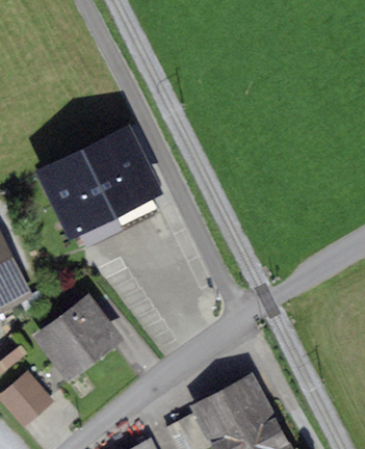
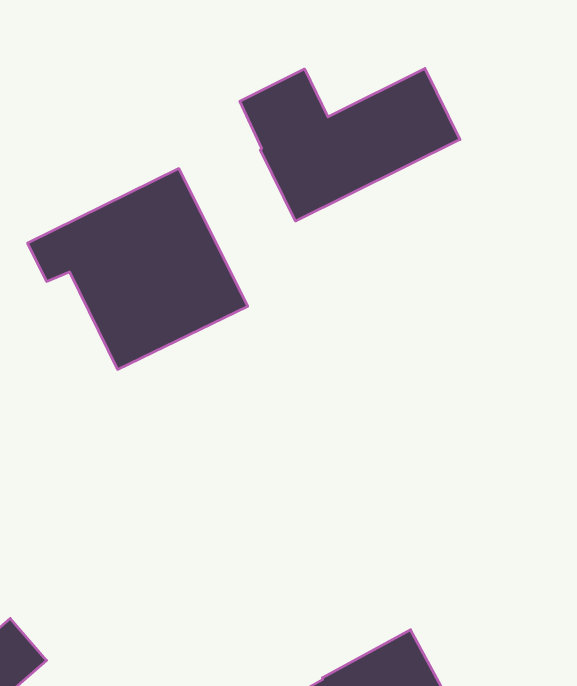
building: none -> [240,68,460,221]
building: [46,293,112,366] -> none

